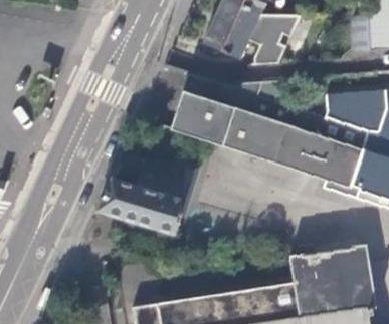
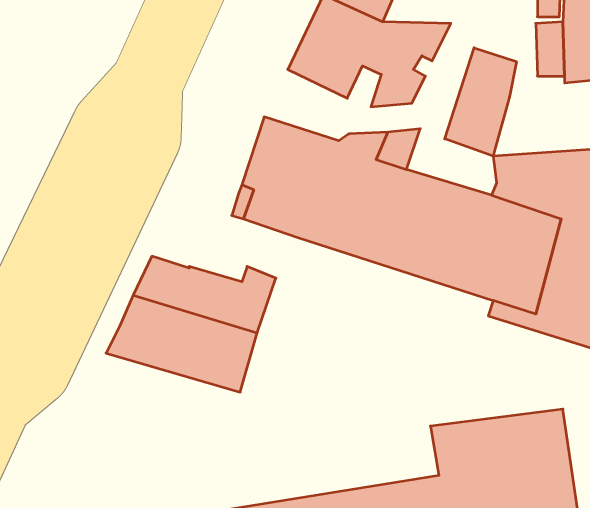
building: none -> [445,48,516,156]

